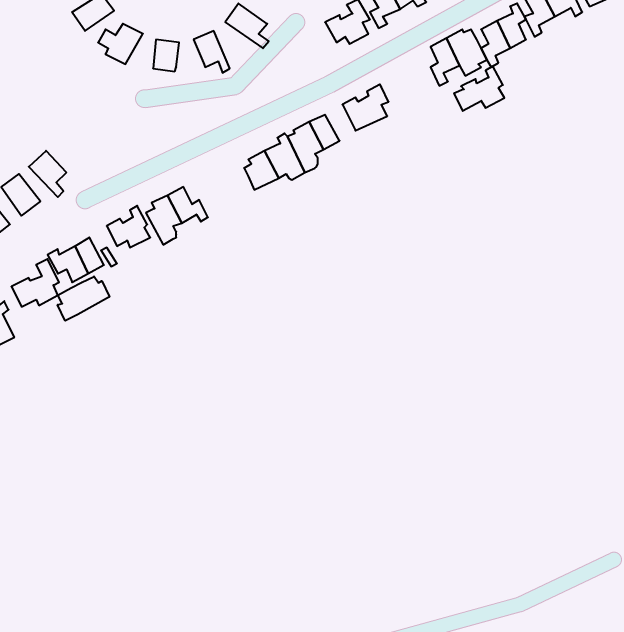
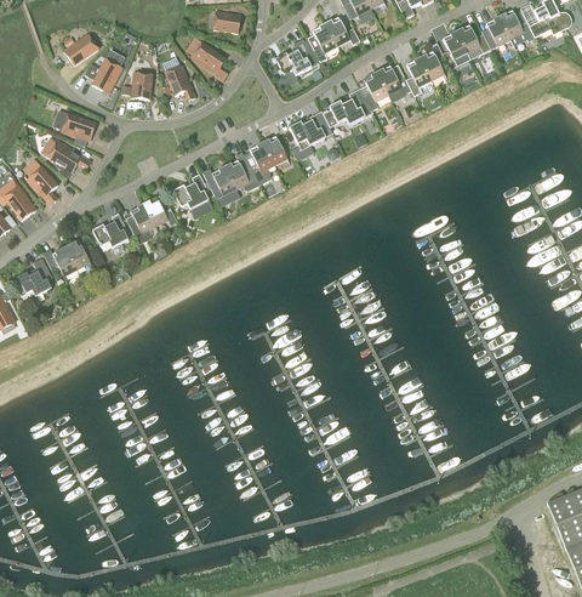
building: [454,66,504,111] -> [323,90,365,127]
building: none -> [62,114,96,141]
building: none -> [47,141,91,172]
building: none -> [172,174,211,210]
building: [58,276,109,321] -> none

